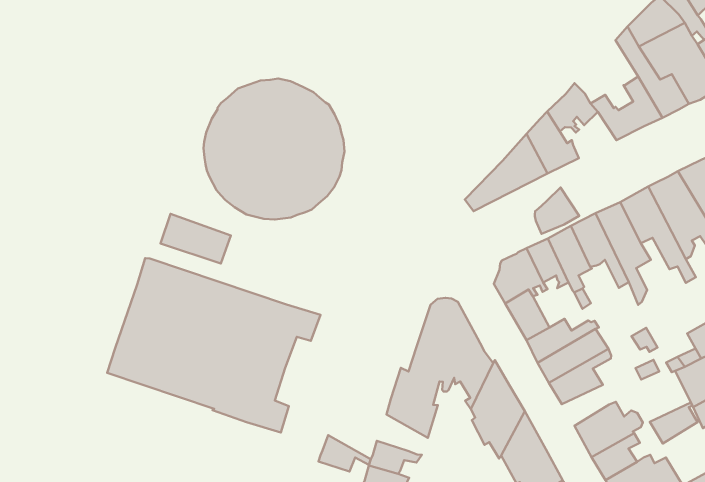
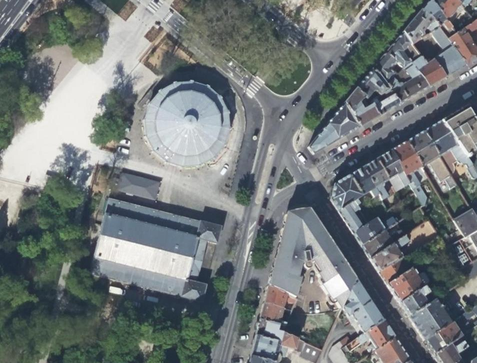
building: none -> [373,40,413,81]
building: [535,188,579,234] -> [374,86,402,116]
building: [650,403,697,443] -> [379,258,409,285]
building: [318,435,371,471] -> [264,286,297,308]

